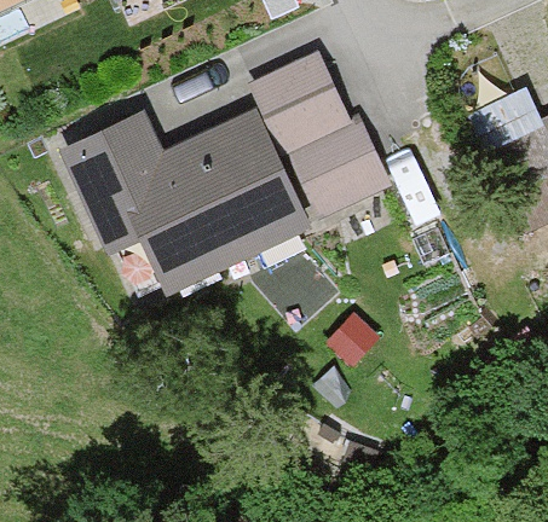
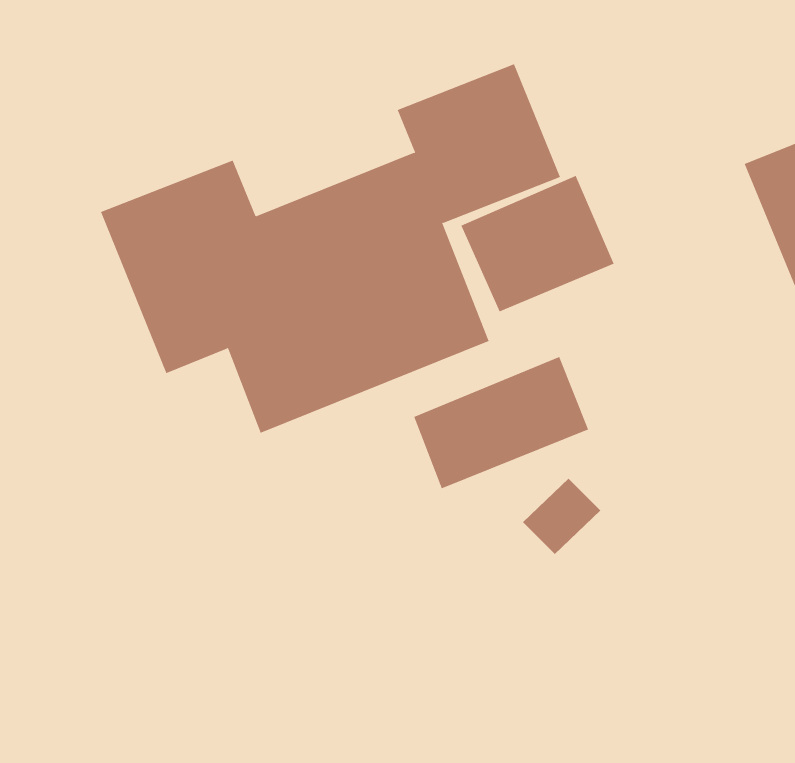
building: none -> [414,356,589,489]

